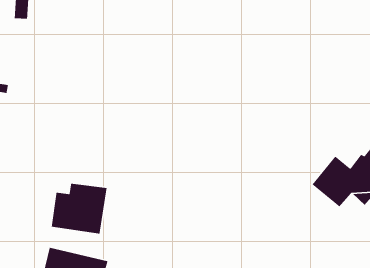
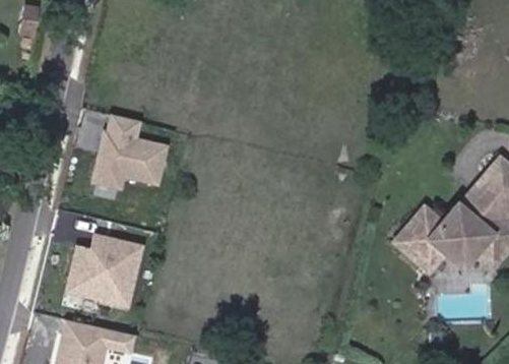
building: none -> [84,112,166,187]

